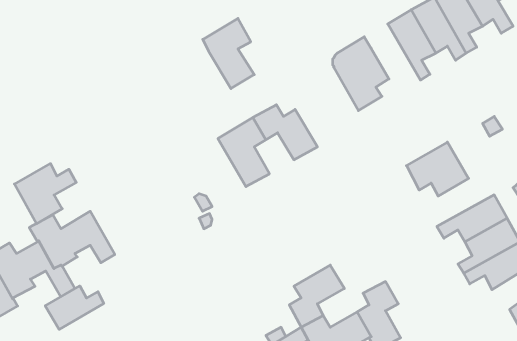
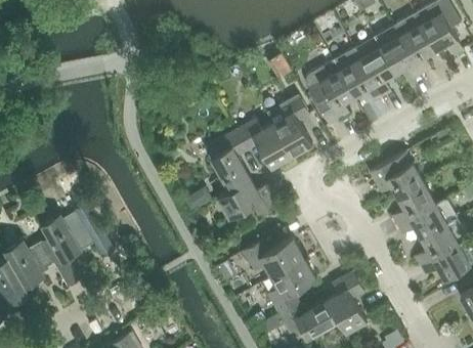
building: [203,18,254,89] -> [267,93,312,155]
building: none -> [333,47,382,101]
building: [14,164,76,224] -> none
building: none -> [216,178,277,217]
building: none -> [391,182,435,224]
building: none -> [244,236,303,276]
building: [45,286,104,329] -> none

